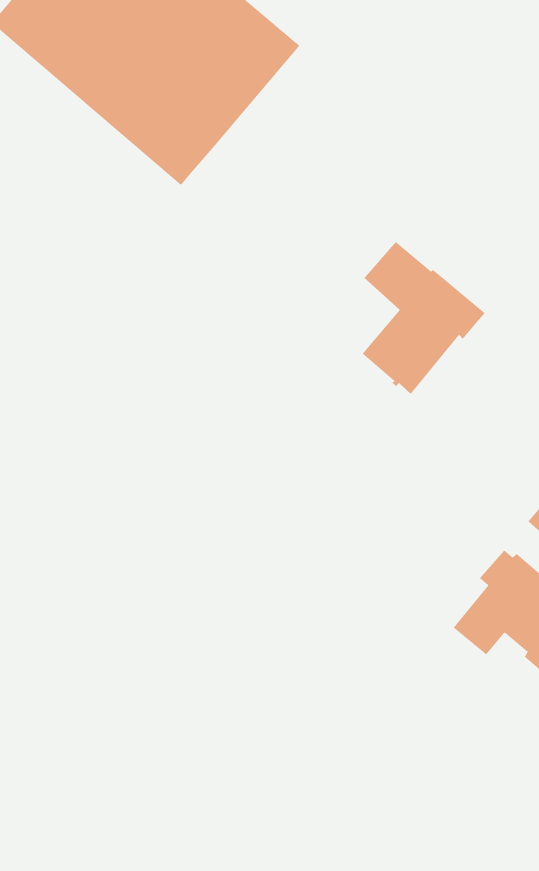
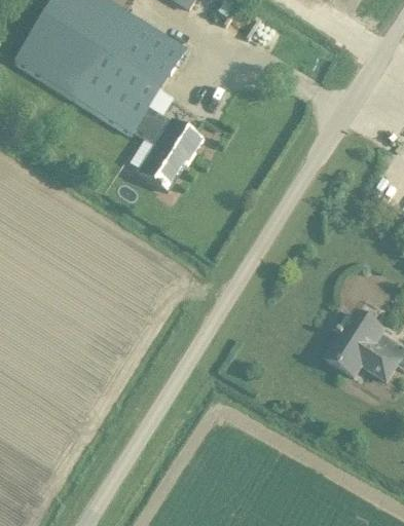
building: [362,241,485,395] -> [133,108,201,190]

